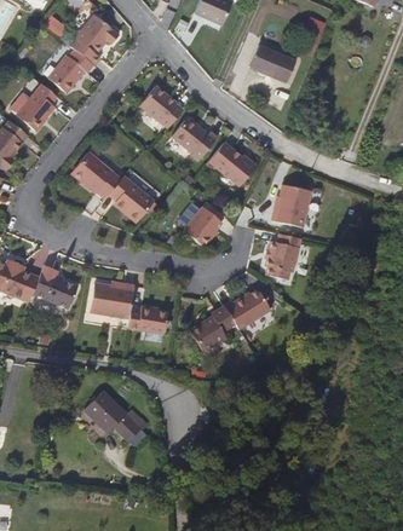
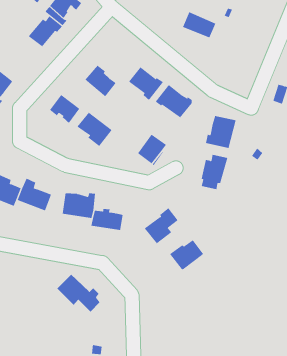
building: [15,83,57,133] -> none
building: [142,87,184,129] -> [84,65,117,97]
building: [231,285,277,327] -> [169,239,204,271]

